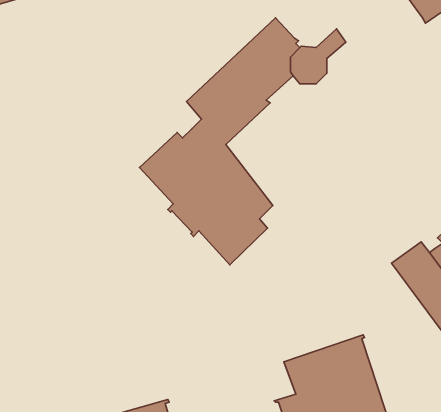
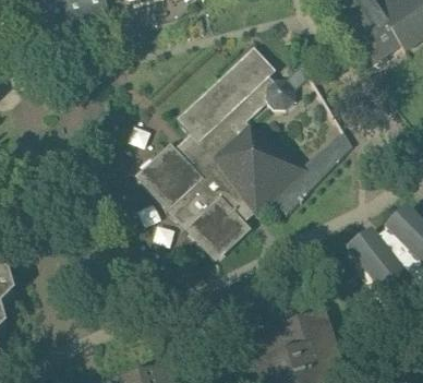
building: none -> [213,116,352,206]

